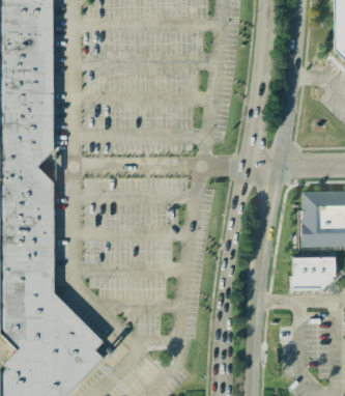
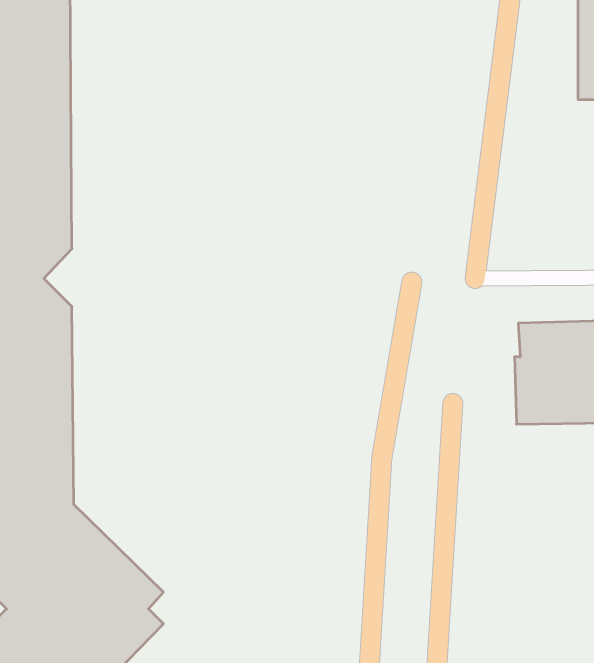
building: [291,256,336,288] -> none

